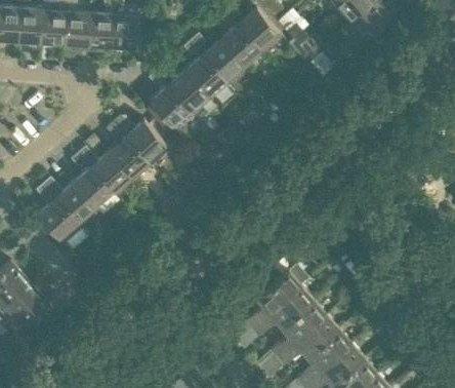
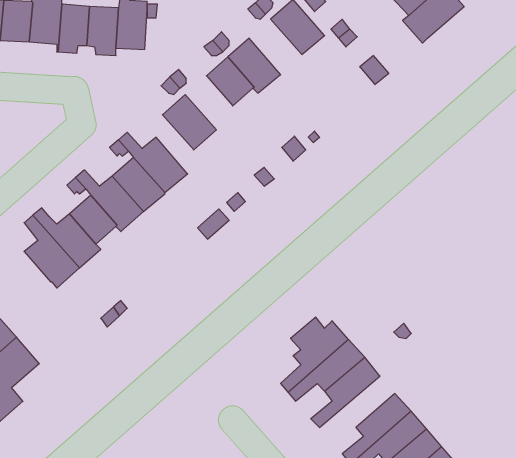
building: [219,24,262,69] -> none
building: [167,70,210,114] -> none
building: [277,315,338,365] -> none

